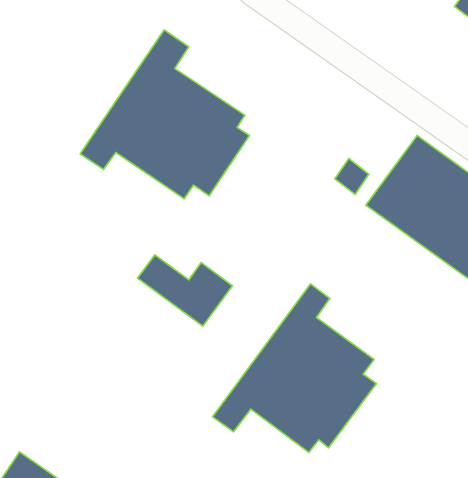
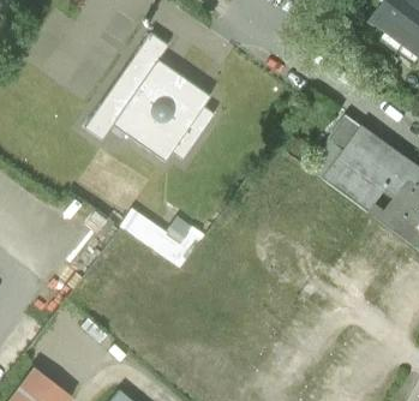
building: [213,284,376,453] -> none

